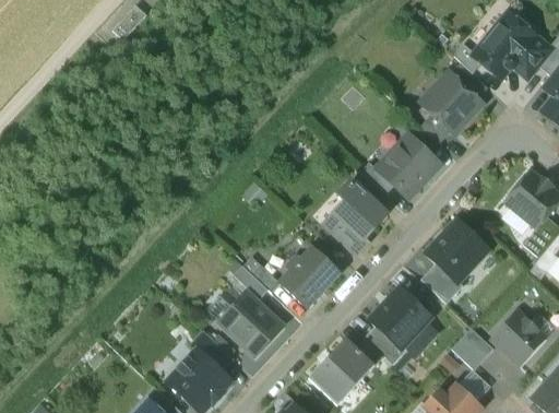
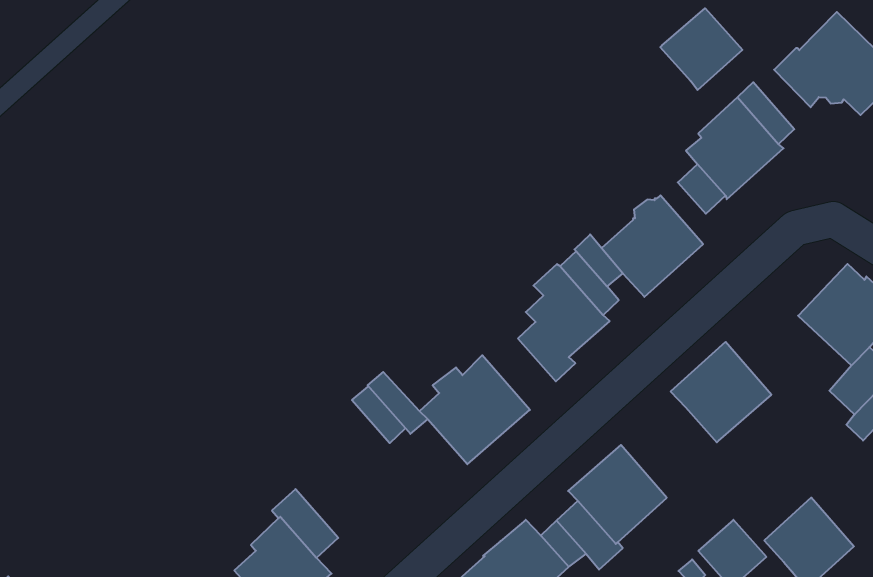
building: none -> [660,8,742,90]
building: [420,262,462,304] -> none
building: [219,294,281,355] -> none

